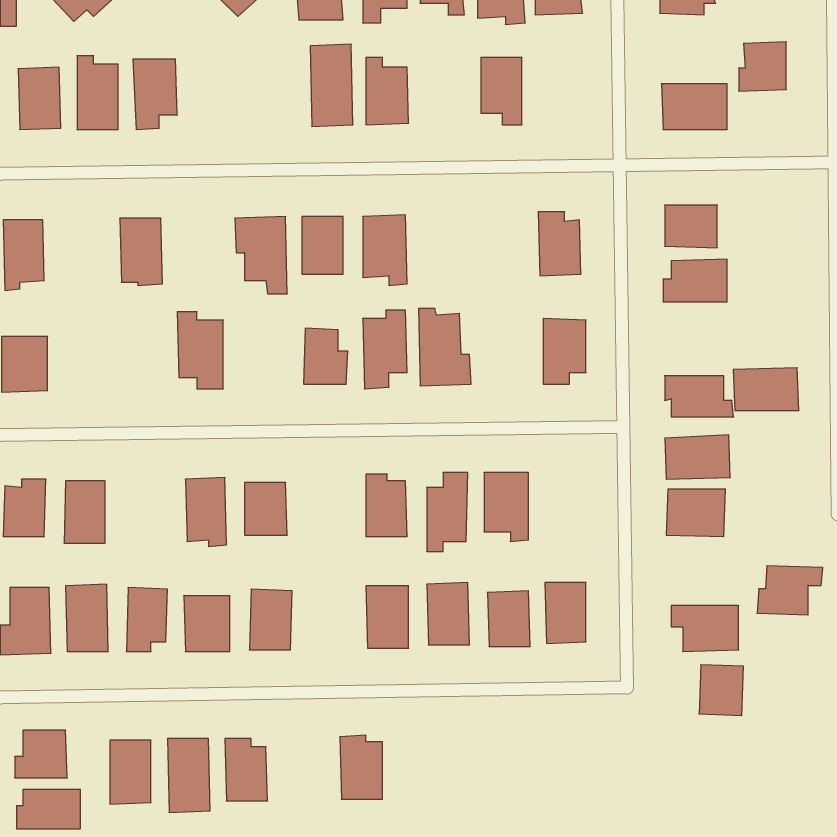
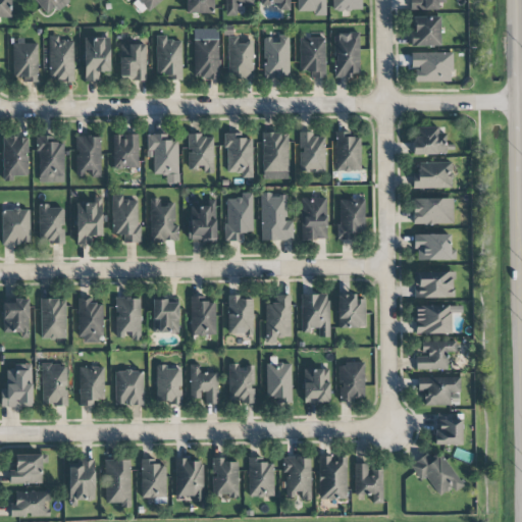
building: [739,42,786,91] -> [411,15,440,46]
building: none -> [334,33,360,75]
building: none -> [264,34,290,79]
building: none -> [156,35,182,80]
building: none -> [120,43,147,80]
building: none -> [263,133,290,179]
building: none -> [300,133,326,172]
building: none -> [113,134,139,168]
building: none -> [38,135,65,181]
building: none -> [150,197,177,241]
building: none -> [301,197,327,239]
building: none -> [76,199,103,243]
building: none -> [39,203,65,243]
building: [733,368,799,410] -> [413,197,454,223]
building: none -> [337,294,366,327]
building: none -> [190,296,216,334]
building: none -> [79,298,103,343]
building: [757,566,823,615] -> [416,340,457,370]
building: none -> [189,364,219,404]
building: none -> [411,451,464,495]
building: none -> [319,455,348,499]
building: none -> [284,457,312,500]
building: none -> [249,458,274,495]
building: none -> [174,459,204,501]
building: none -> [355,463,383,503]

